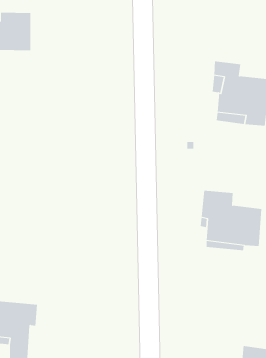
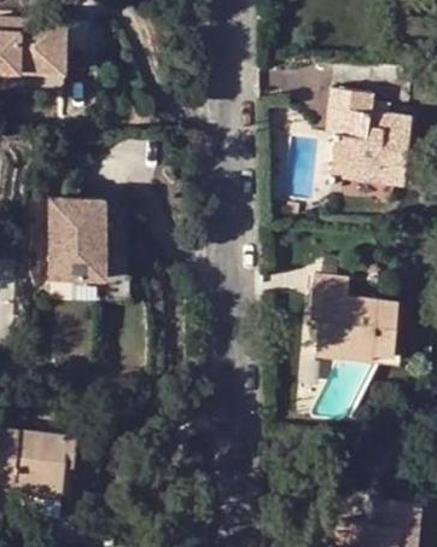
building: none -> [52,199,107,280]

